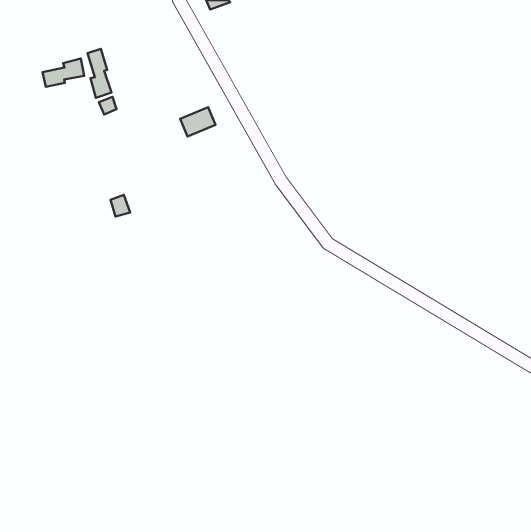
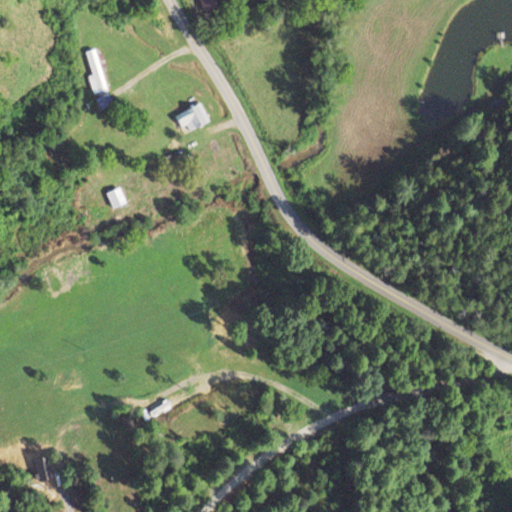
building: [43,58,84,87] -> none

